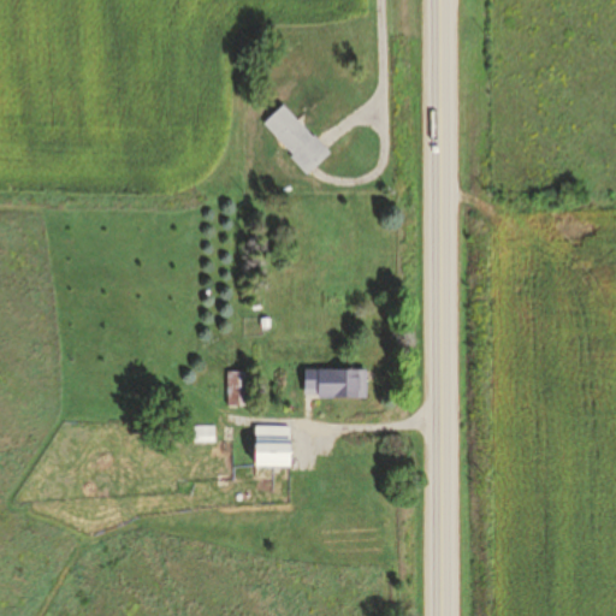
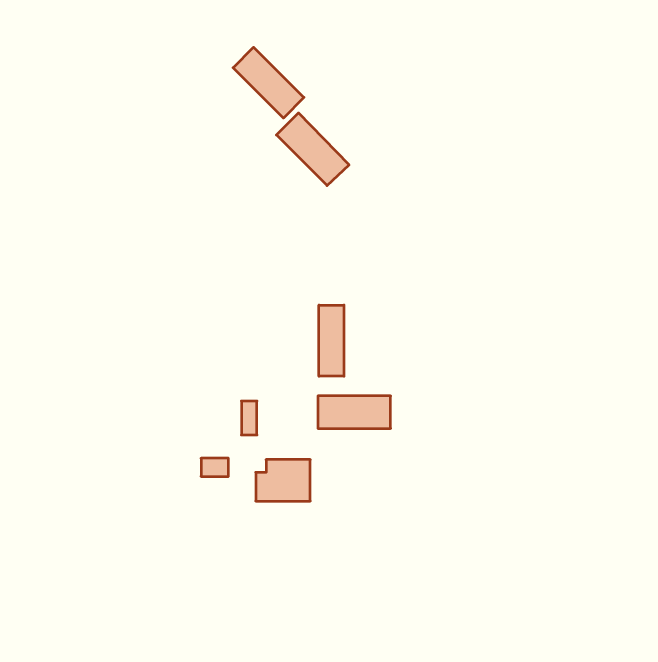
building: none -> [233,47,304,118]
building: none -> [319,305,344,376]

